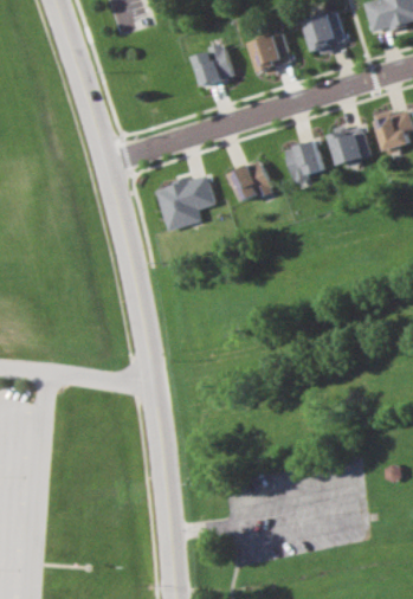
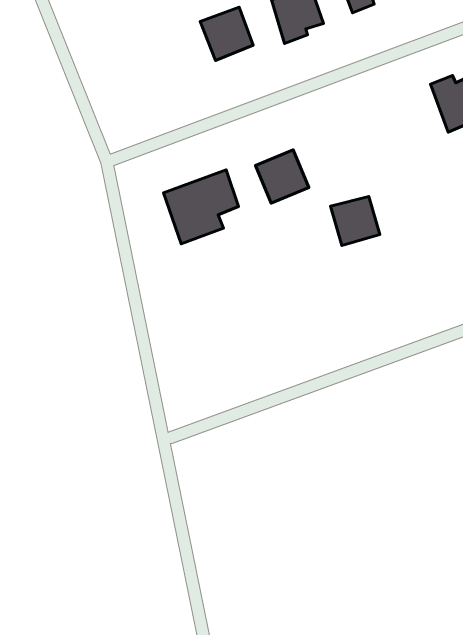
building: [329,125,369,167] -> none
building: [285,142,323,180] -> [331,197,380,246]

